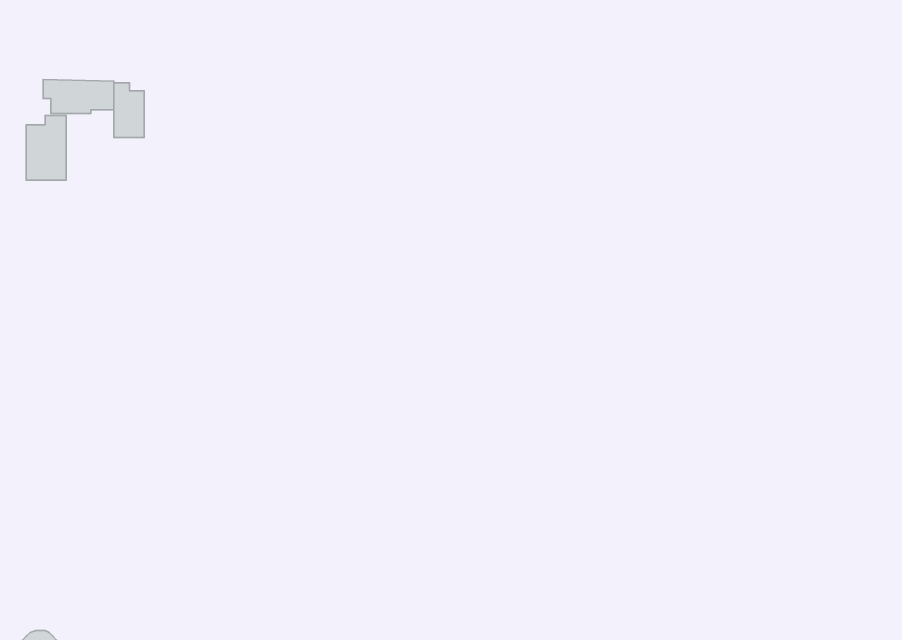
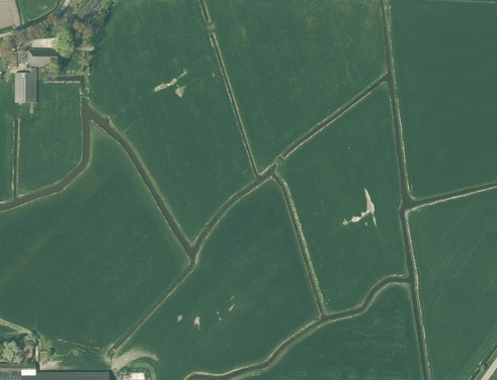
building: [114,83,144,137] -> none

